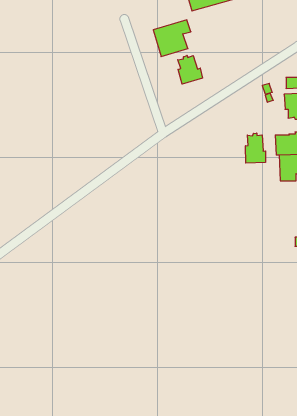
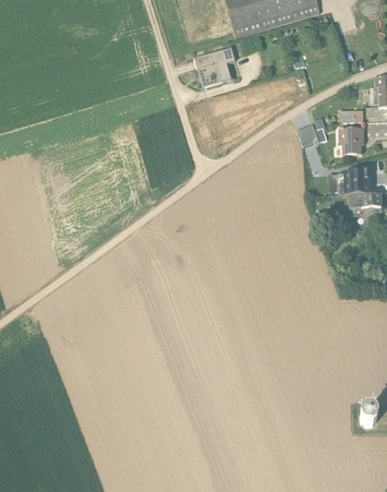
building: [178,55,203,84] -> none
building: [246,133,266,163] -> none

